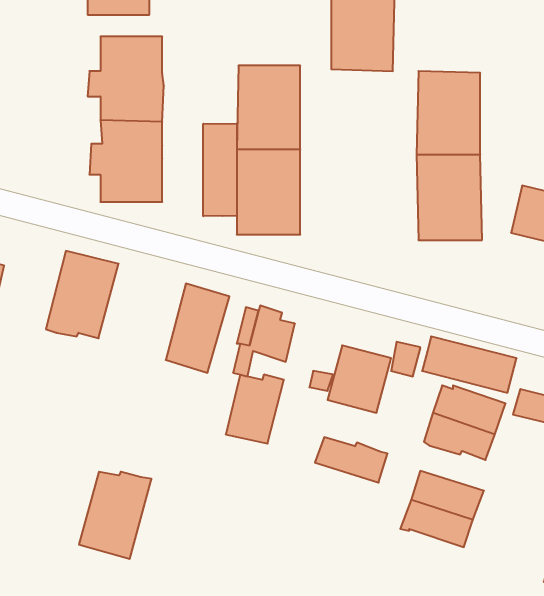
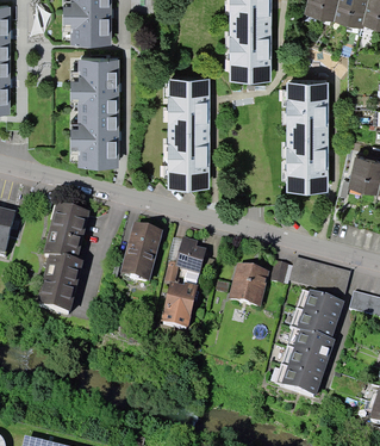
building: [203,123,237,216] -> none
building: [315,437,388,483] -> [287,327,335,357]
building: [79,472,152,559] -> [36,253,83,310]

